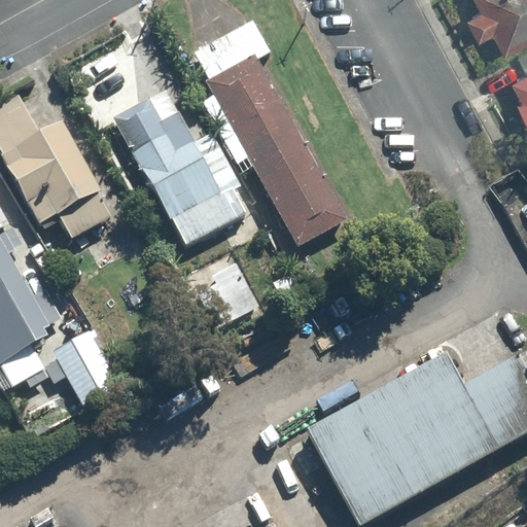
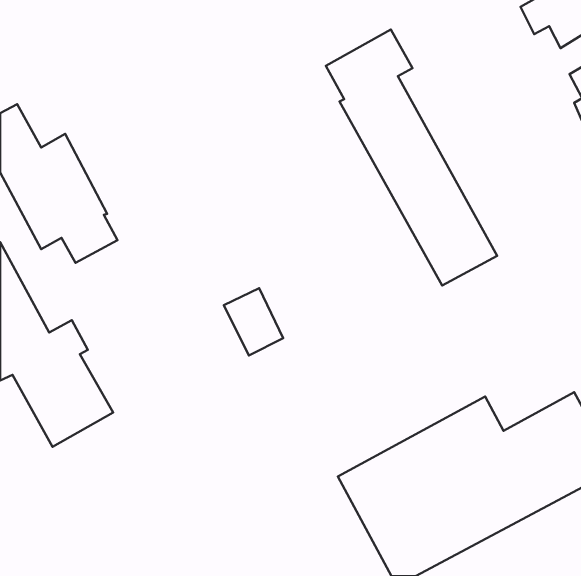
building: [192,16,347,247] -> [326,29,497,285]
building: [112,85,246,245] -> none

